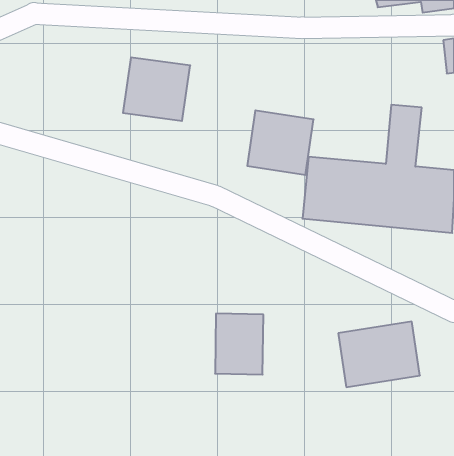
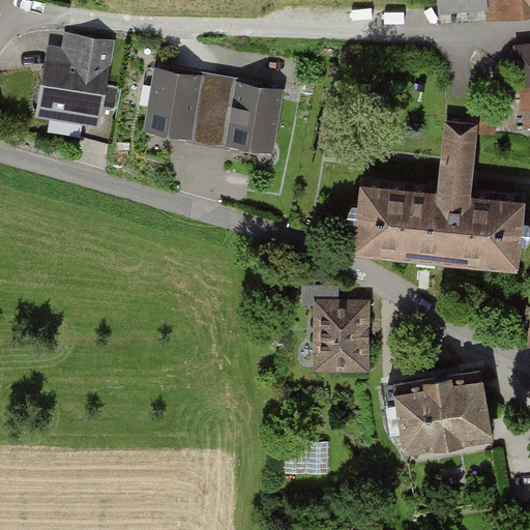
building: none -> [36,35,115,123]
building: [247,110,314,175] -> [210,78,287,152]
building: [215,314,263,375] -> [314,301,370,372]

